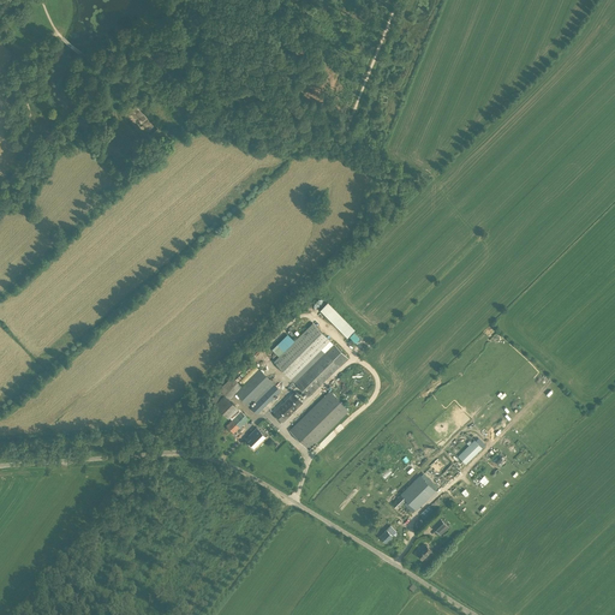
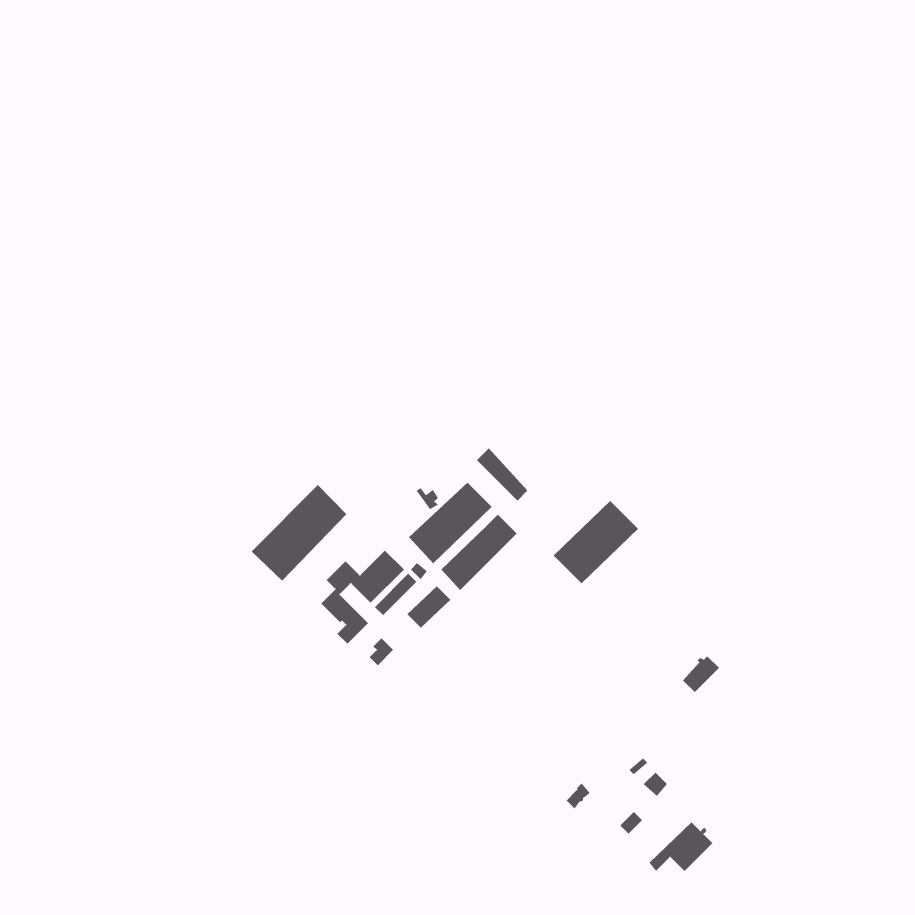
building: none -> [251,484,347,582]
building: [289,393,347,449] -> [553,500,639,584]
building: [392,476,435,509] -> [649,822,713,872]

